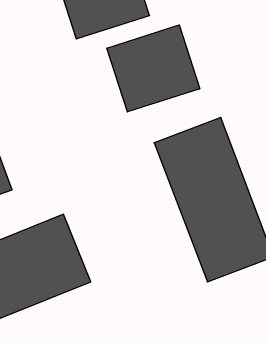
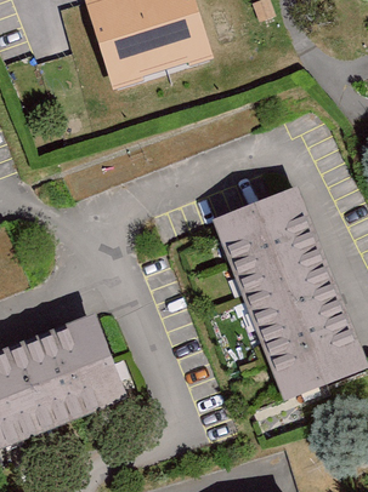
building: [107,25,200,112] -> none

